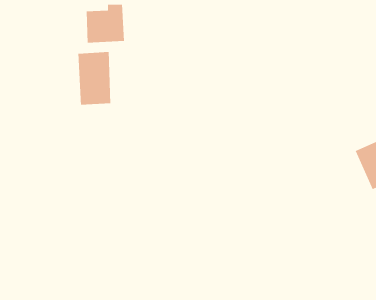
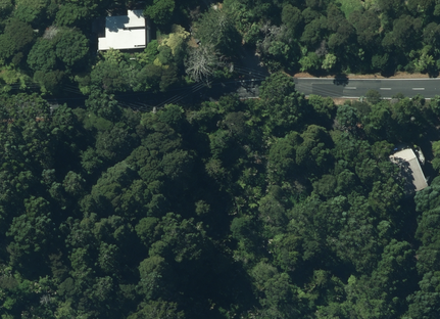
building: [78,51,111,105] -> none

